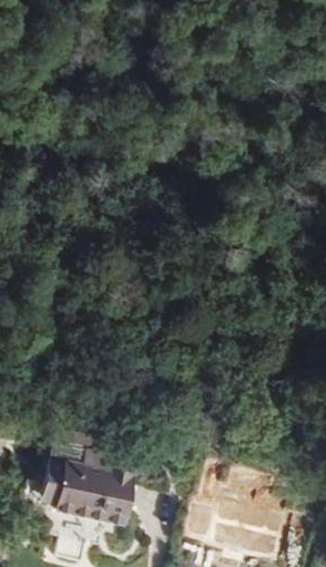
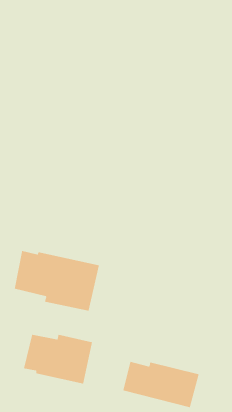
building: none -> [14,250,99,312]

